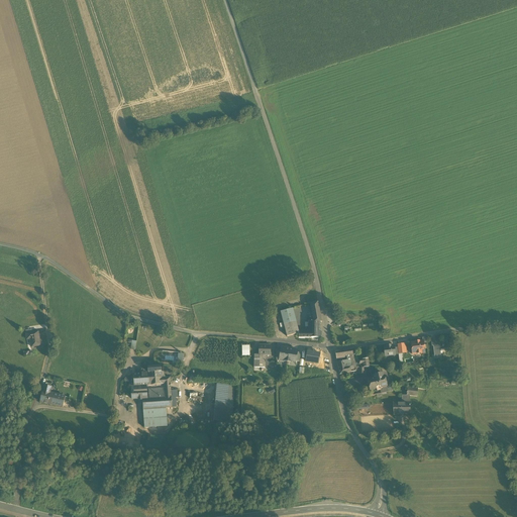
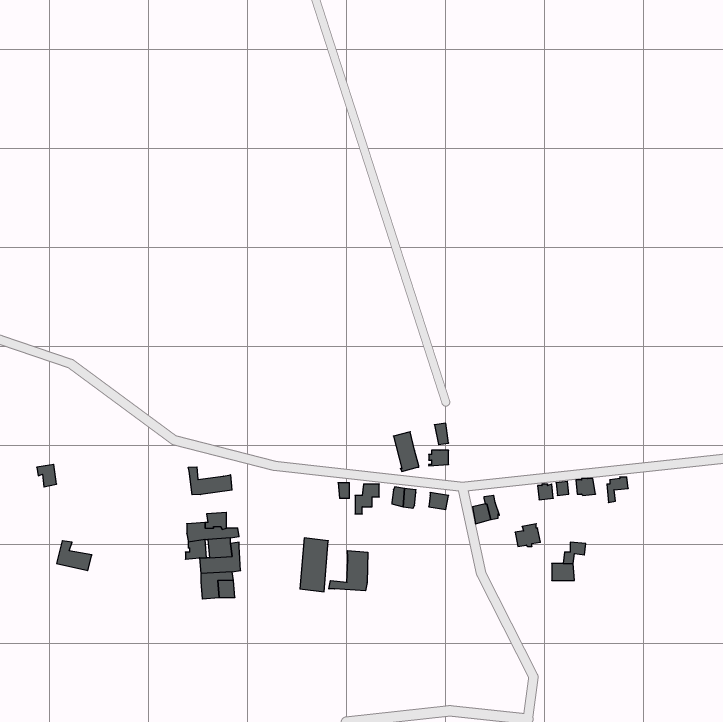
building: none -> [188,467,232,495]
building: none -> [329,551,368,591]

